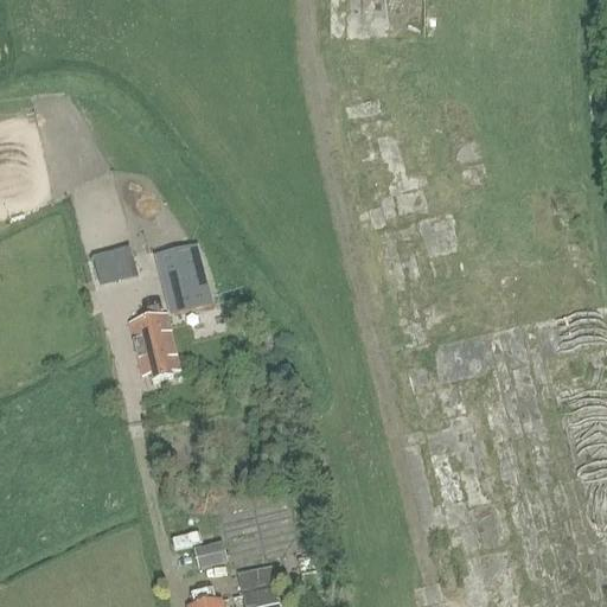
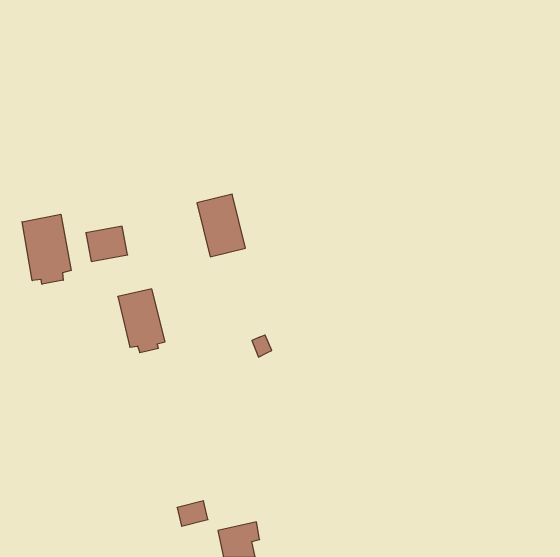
building: none -> [22,214,71,284]
building: [158,245,210,313] -> [197,194,245,257]

